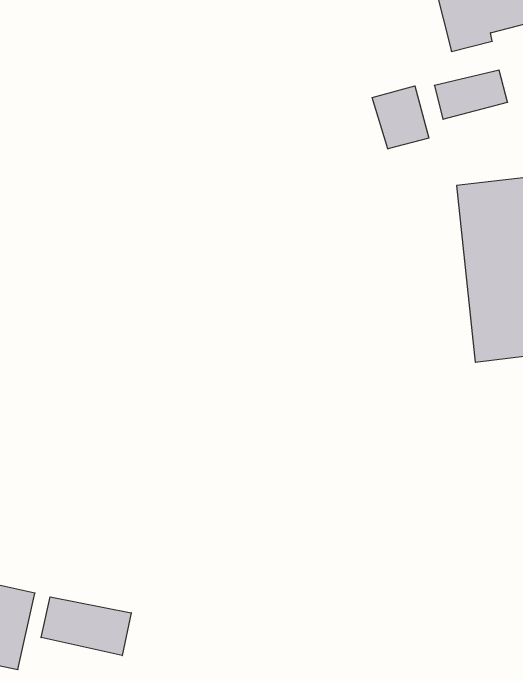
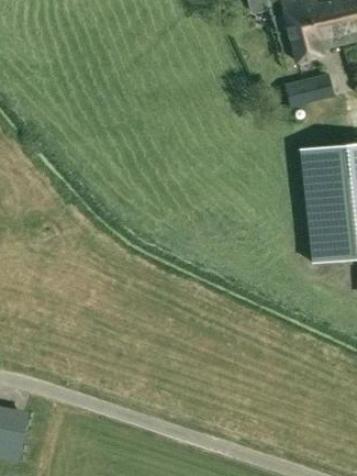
building: [372,86,429,149] -> none
building: [41,597,131,656] -> none

